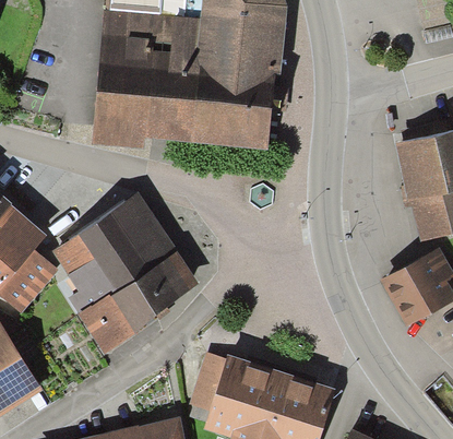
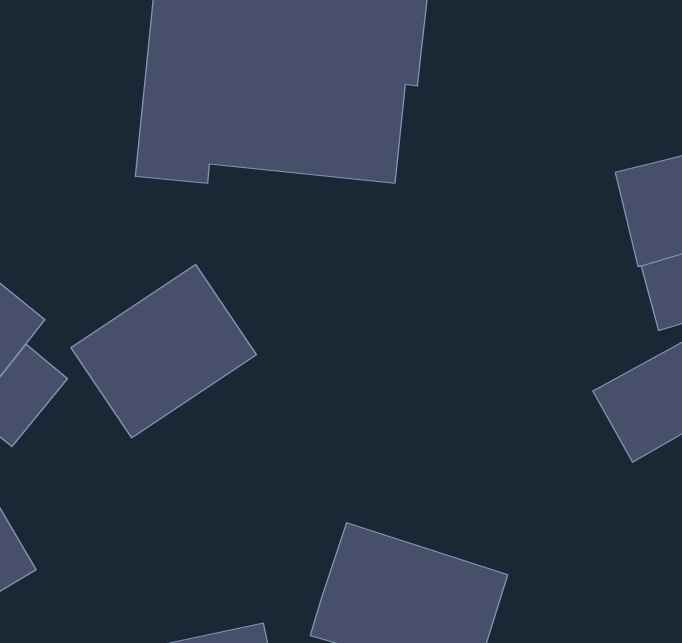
building: [82,253,194,346] -> none
building: [192,353,229,408] -> none

